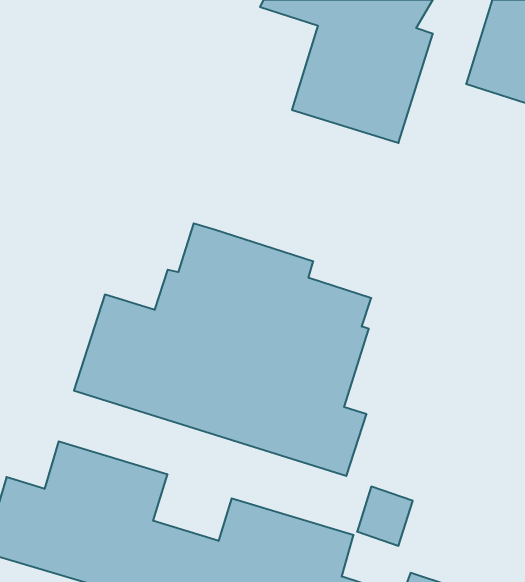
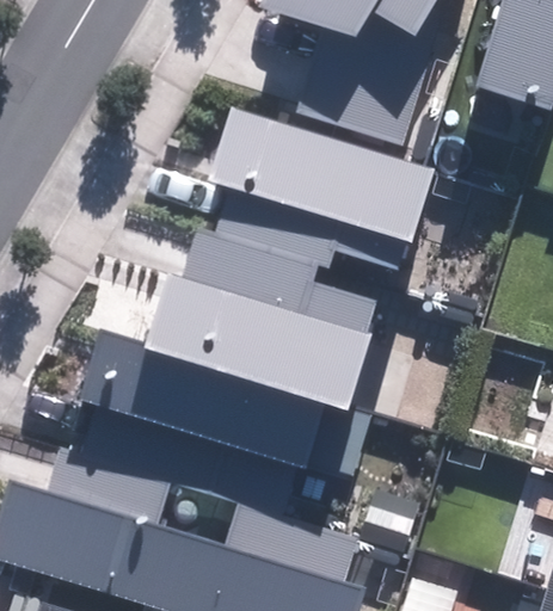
building: none -> [208,106,436,271]

